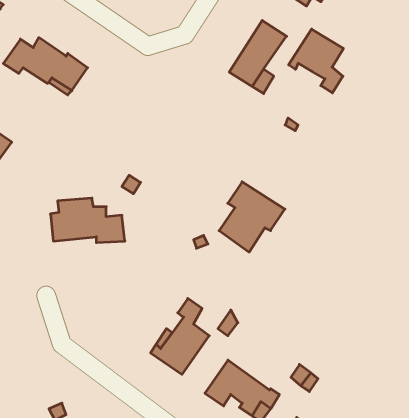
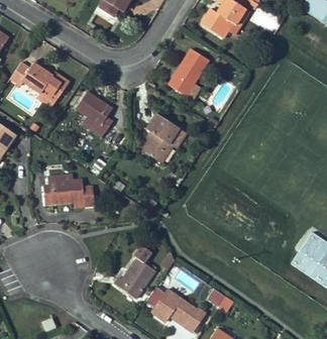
building: [289,29,343,93] -> none
building: none -> [75,92,112,133]
building: [219,182,285,252] -> [139,113,186,162]

